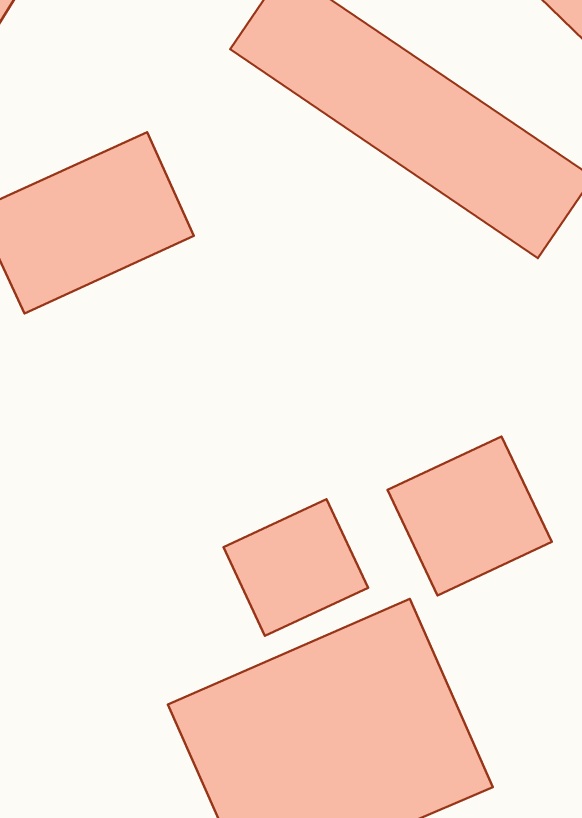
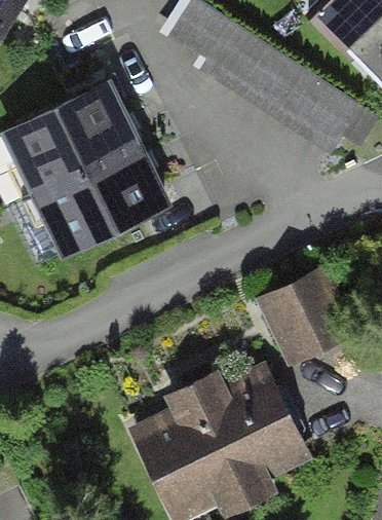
building: none -> [37,143,166,251]
building: [223,499,368,636] -> none

